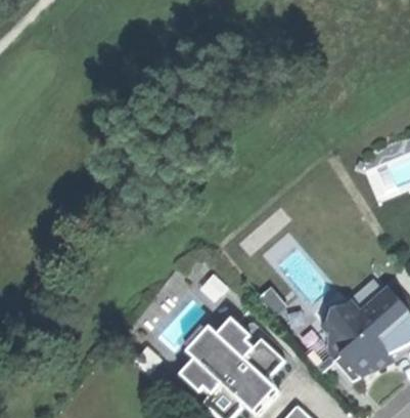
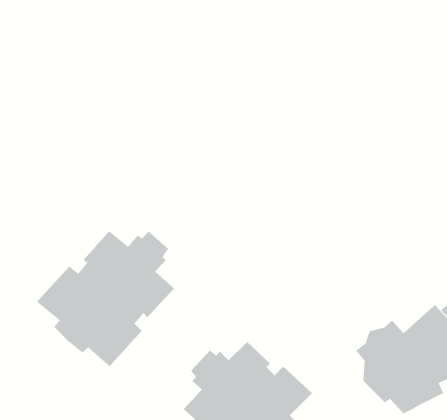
building: none -> [36,230,175,367]

